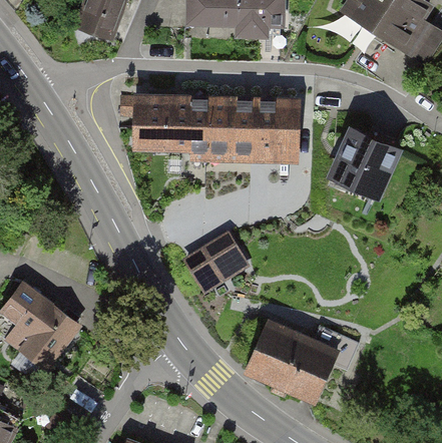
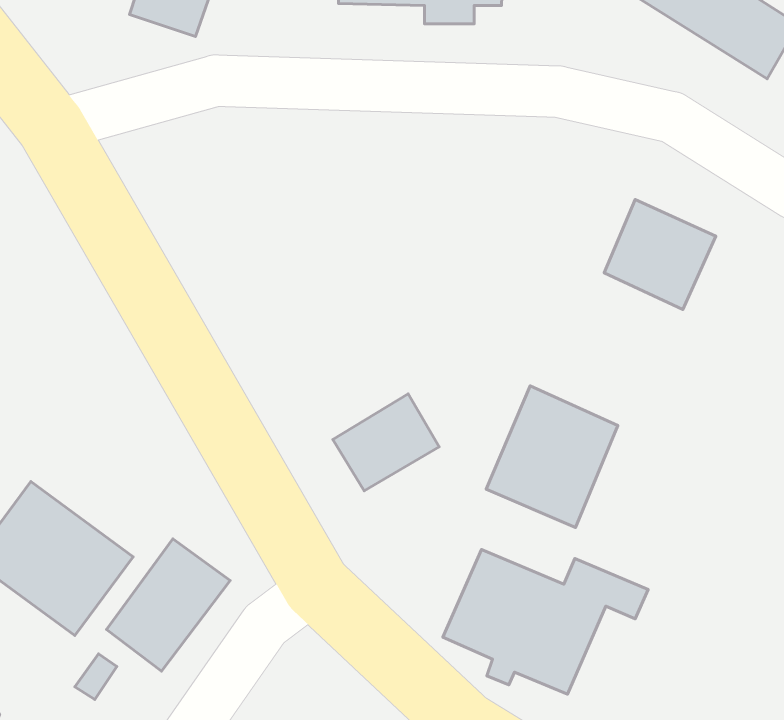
building: [121,95,300,153] -> none
building: none -> [486,386,618,528]
building: none -> [106,539,230,671]

